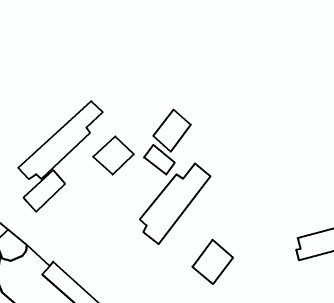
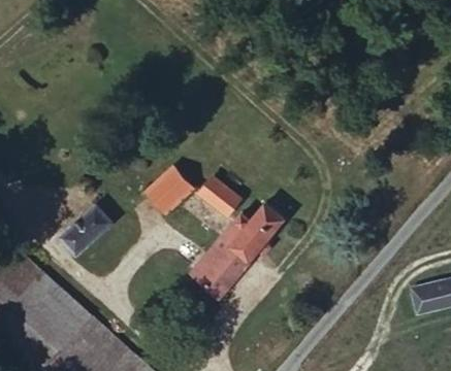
building: [18,101,103,179] -> none
building: [153,110,191,152] -> none
building: [192,240,233,284] -> none

